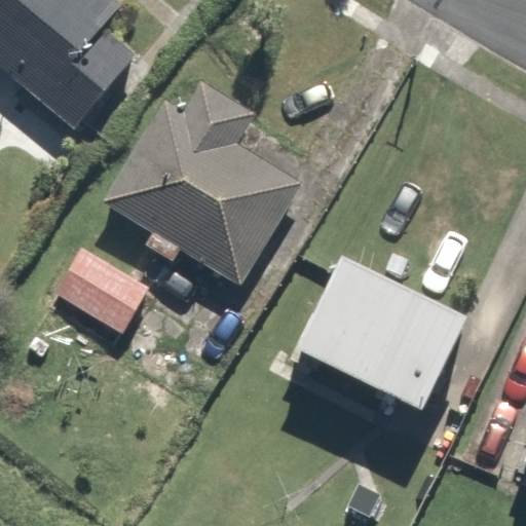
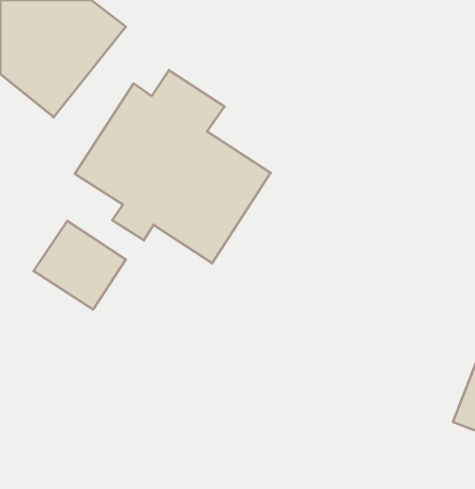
building: [264,247,464,416] -> none

